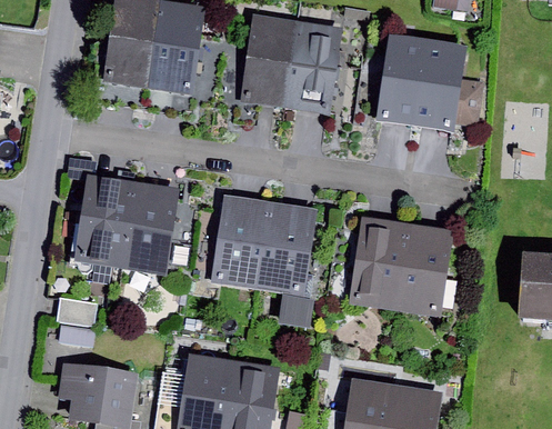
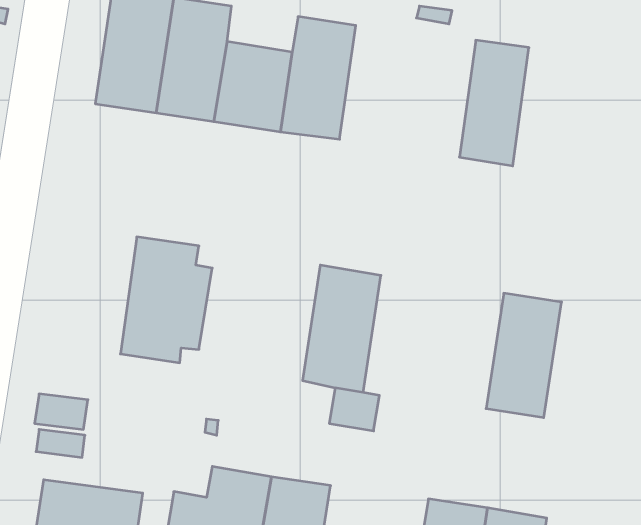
building: [285,21,341,113] -> none
building: [415,38,483,131] -> none
building: [73,169,136,272] -> none
building: [210,193,271,288] -> none
building: [348,216,409,309] -> none

